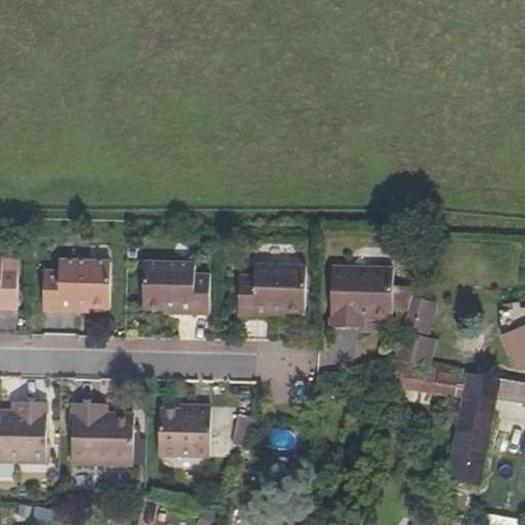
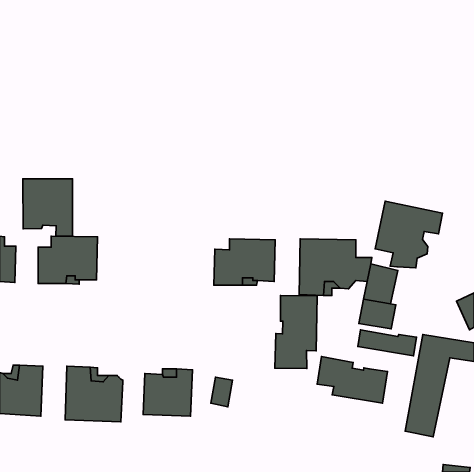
building: none -> [23,179,72,236]
building: none -> [375,201,442,268]
building: [142,264,209,314] -> none
building: none -> [275,295,317,369]
building: none -> [317,357,388,403]

